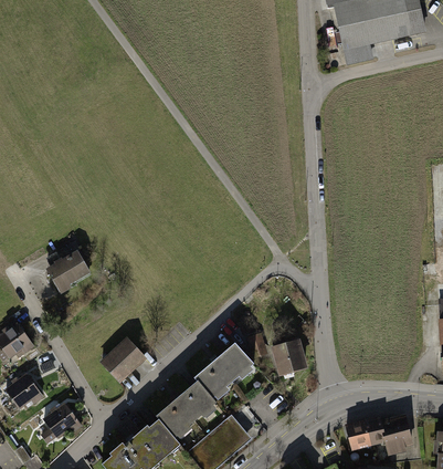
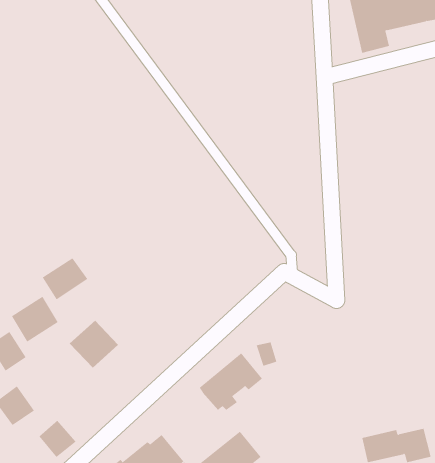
building: none -> [11,296,59,342]
building: [271,340,307,377] -> none
building: [102,342,148,387] -> [69,320,119,368]
building: [155,382,214,438] -> none

